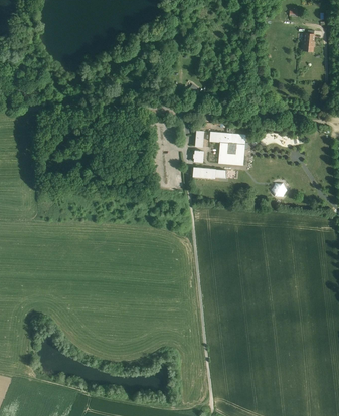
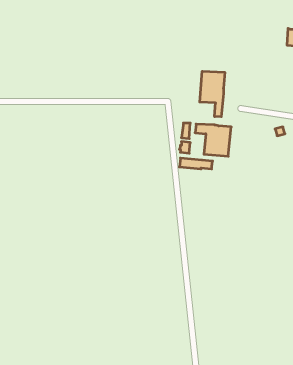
building: none -> [200,71,225,117]

